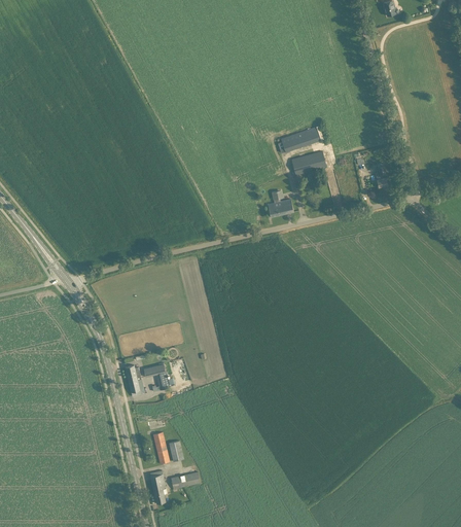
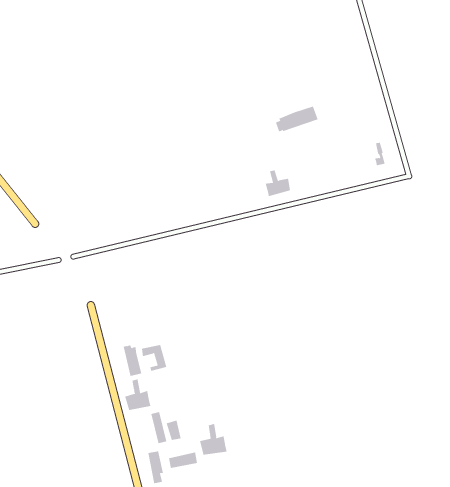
building: [290,151,325,175] -> none
building: none -> [124,378,151,411]
building: none -> [199,423,227,455]

